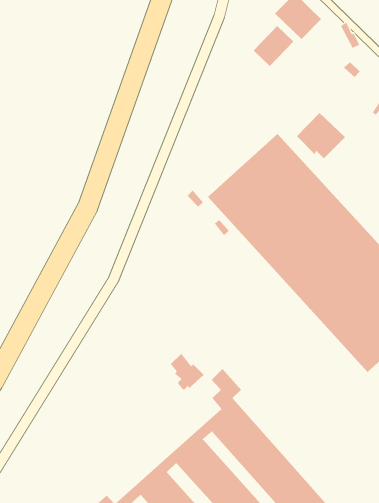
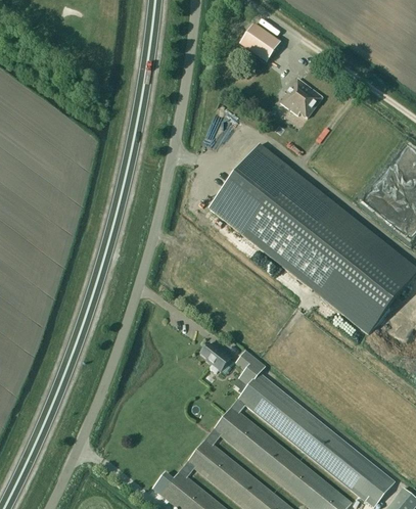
building: [253,25,294,67] -> none
building: [296,112,346,159] -> [280,79,322,118]

